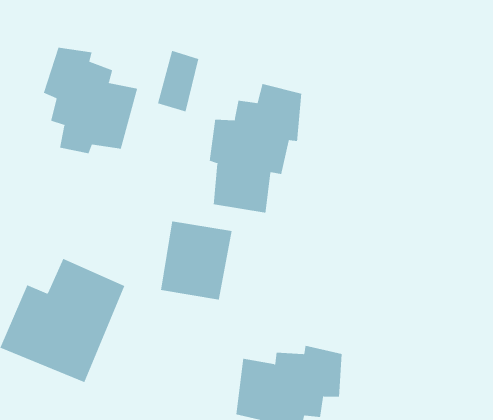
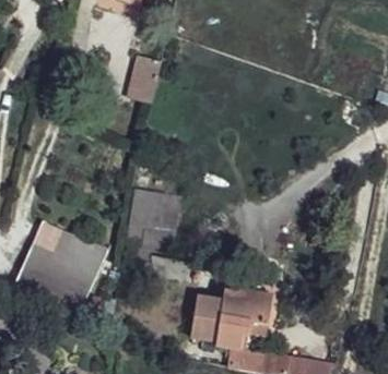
building: [43,47,138,154] -> none
building: [209,83,302,214] -> none

